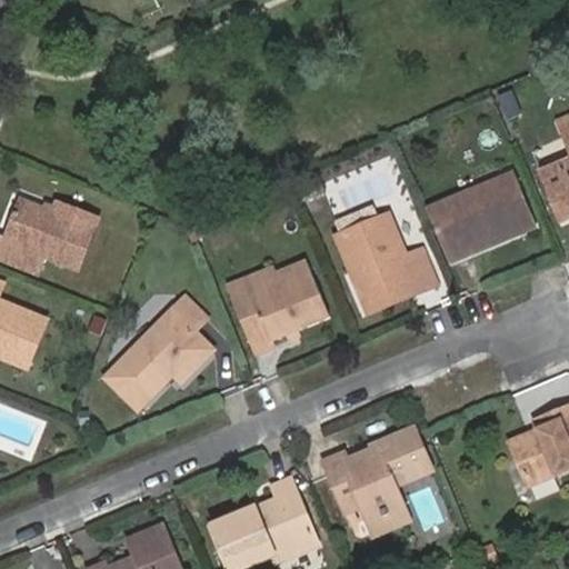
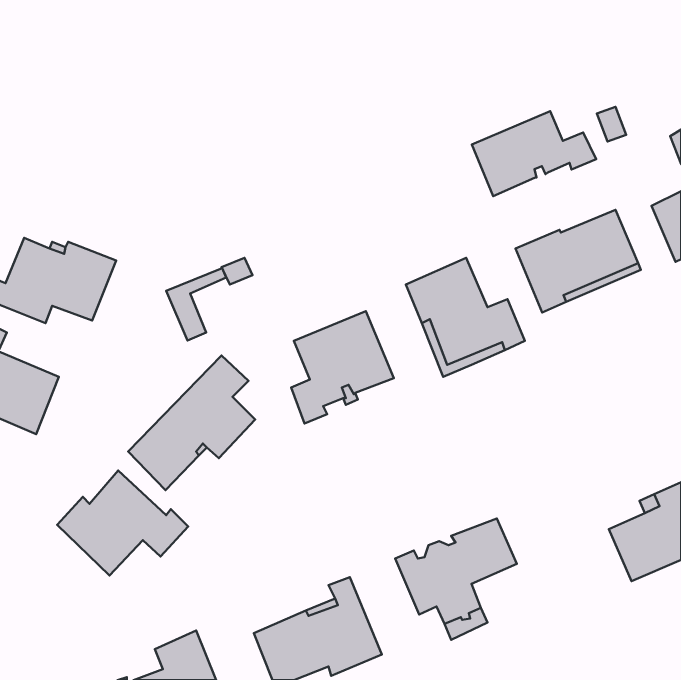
building: none -> [472,111,596,196]
building: [224,262,274,322] -> [166,268,226,340]
building: none -> [57,470,188,576]

